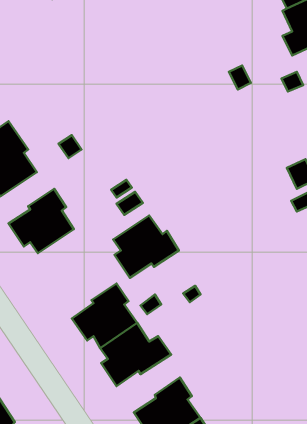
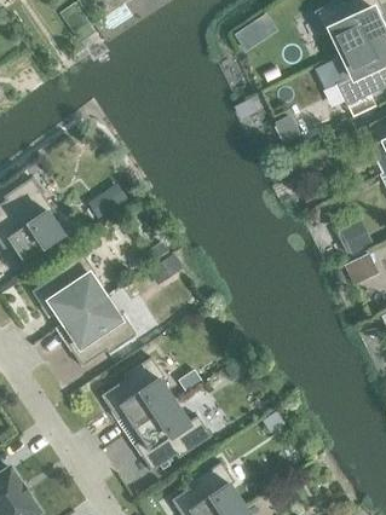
building: [113,216,179,278] -> [64,296,137,365]

